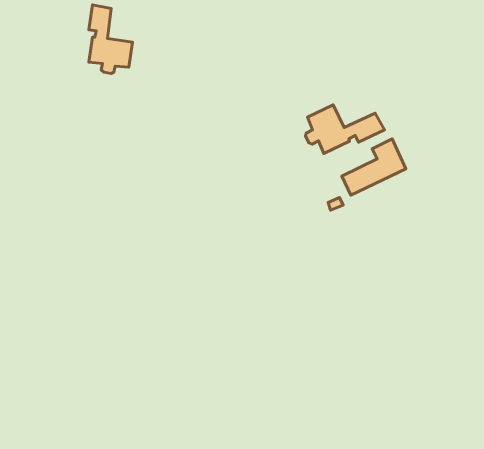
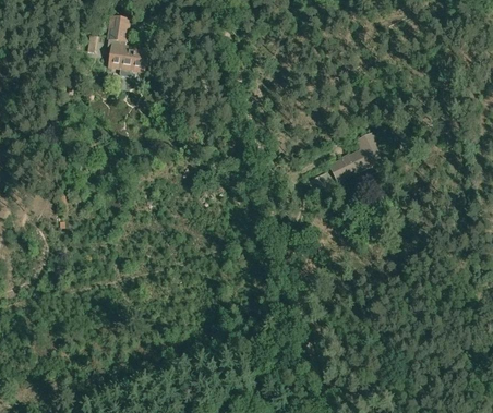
building: [306,105,384,154] -> none

